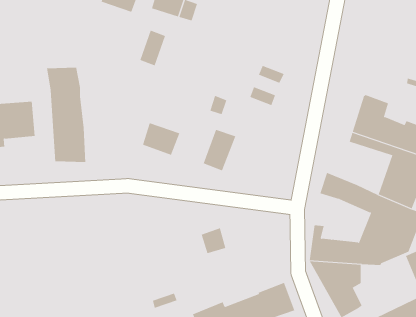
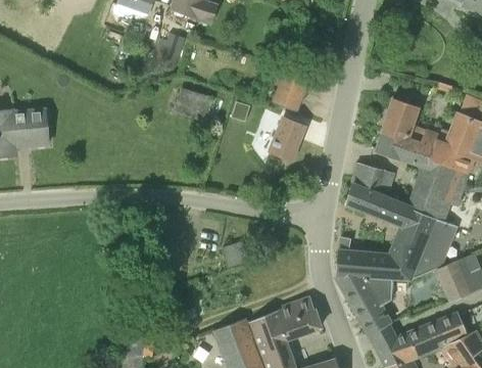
building: [46,67,86,163] -> none
building: [142,123,180,156] -> [174,87,213,122]
building: [203,129,236,171] -> [271,113,305,157]
building: none -> [353,164,391,195]

